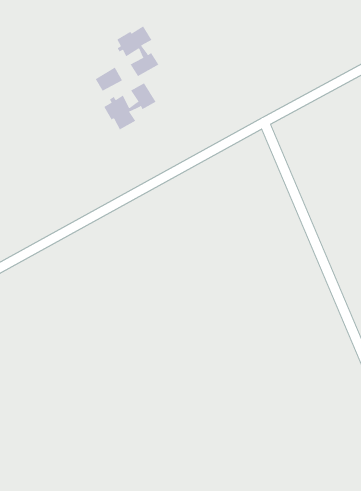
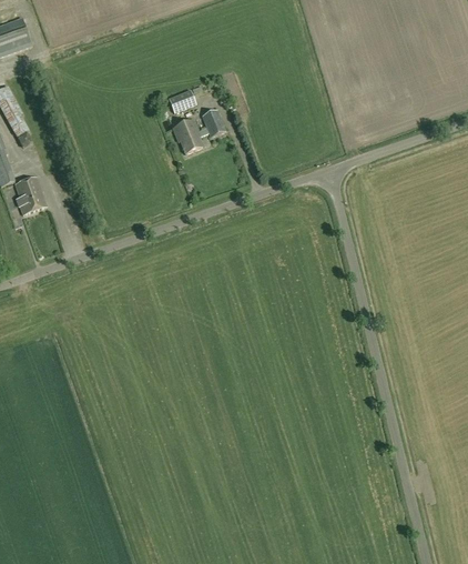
building: [116,26,159,77] -> none

